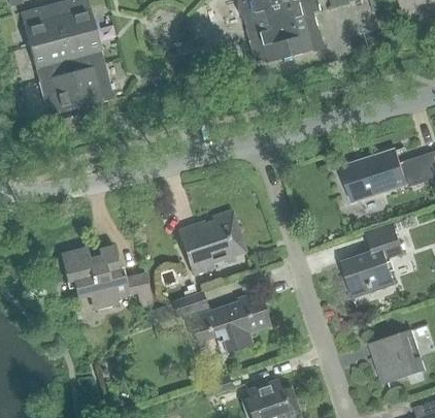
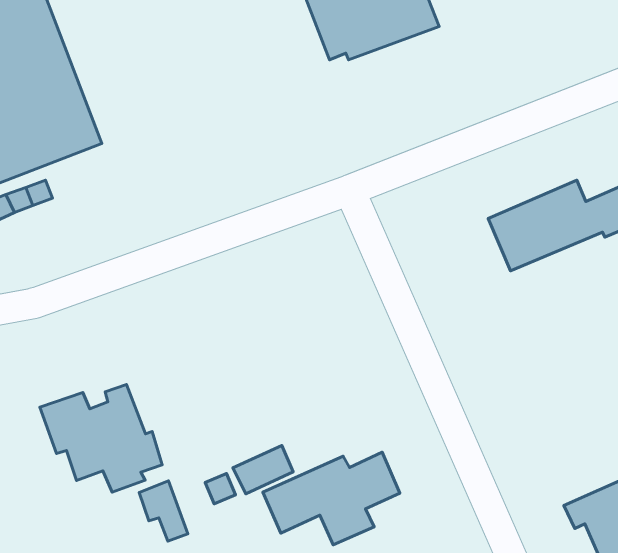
building: [178,207,246,274] -> none
building: [342,221,404,298] -> none
building: [127,270,154,307] -> [139,481,188,541]

